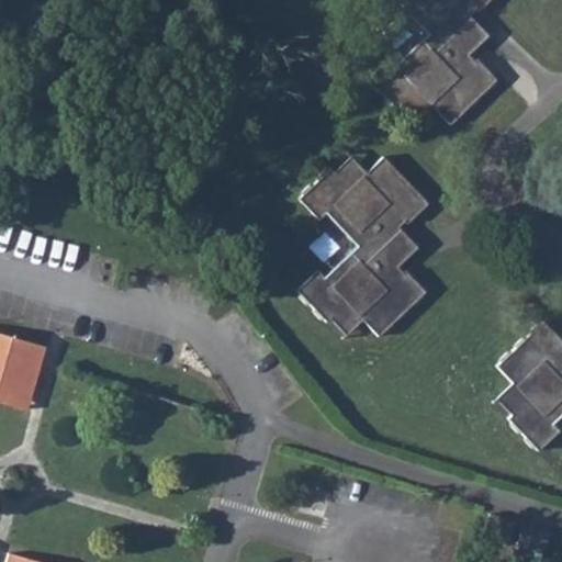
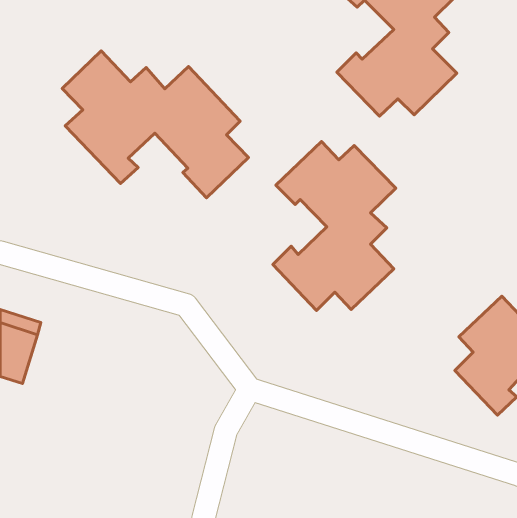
building: none -> [62,51,248,198]

